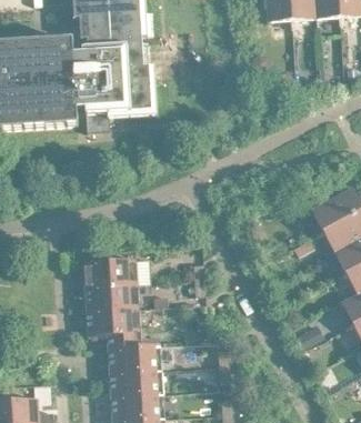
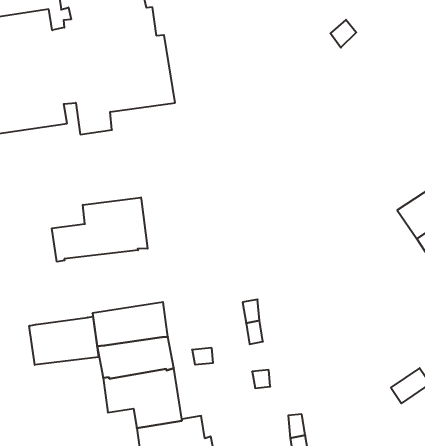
building: none -> [52,197,148,262]
building: none -> [29,316,99,365]

